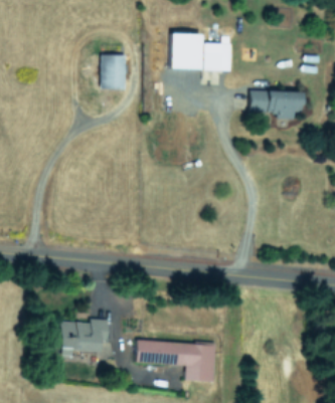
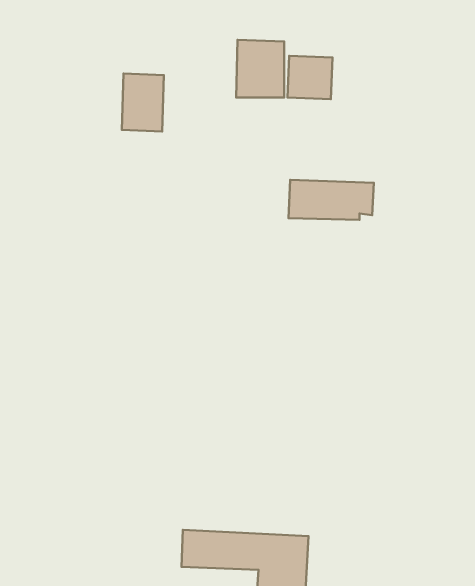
building: [249,90,303,116] -> [289,180,374,220]
building: [59,319,108,356] -> none

